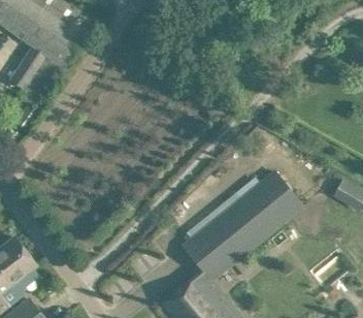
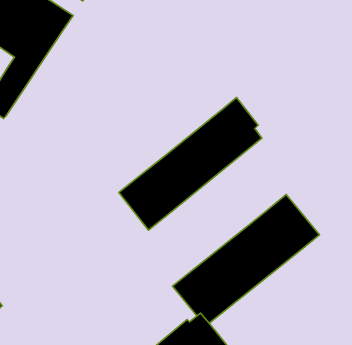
building: none -> [119,98,262,230]

